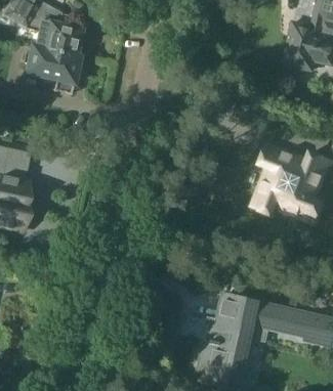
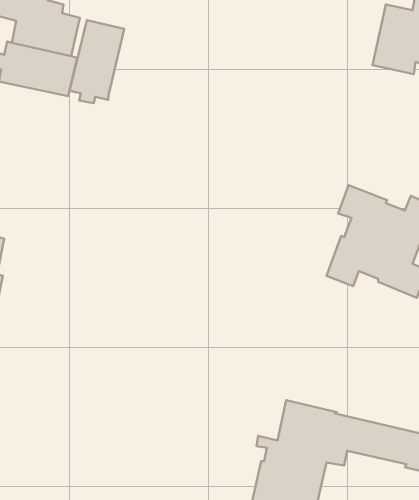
building: none -> [69,20,124,103]

